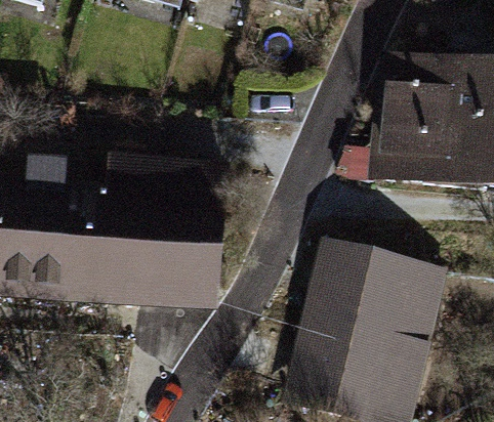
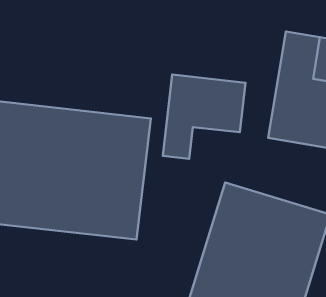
building: none -> [163,75,246,159]

